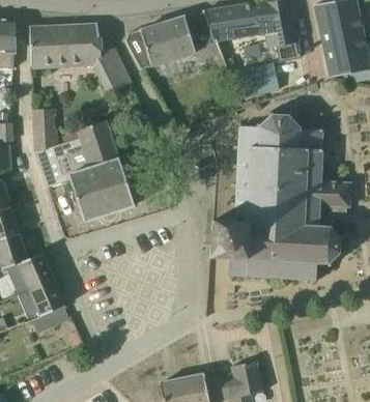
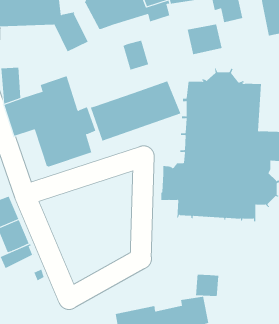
building: none -> [123,40,149,70]
building: none -> [90,81,181,142]
building: none -> [196,274,219,297]

